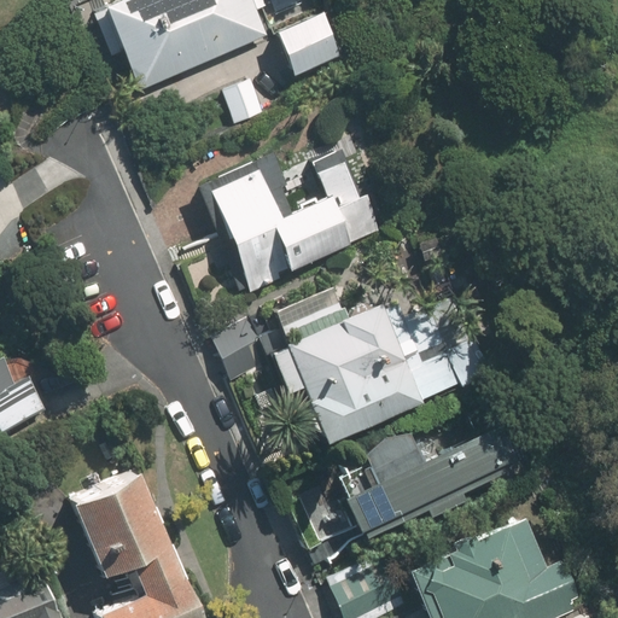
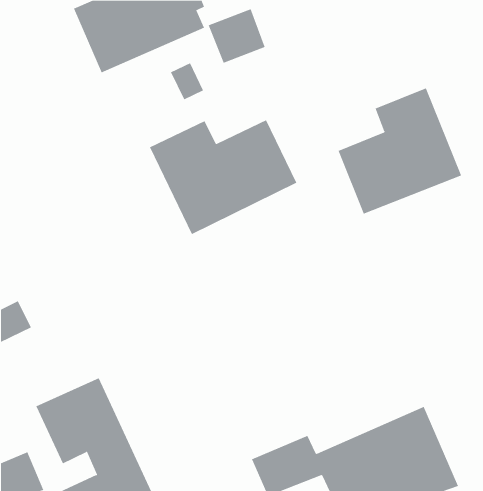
building: none -> [338,87,462,215]
building: [216,286,496,447] -> none
building: [297,430,500,549] -> none

